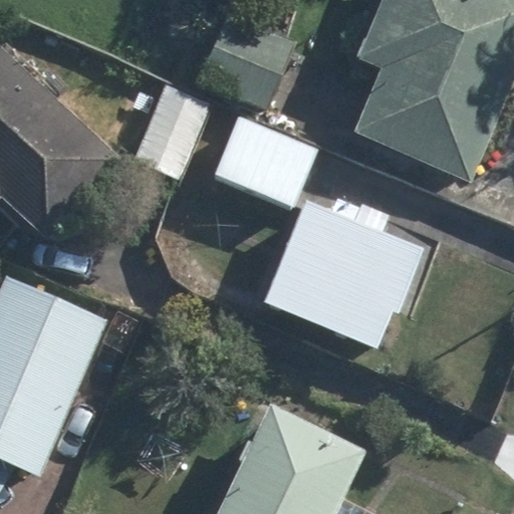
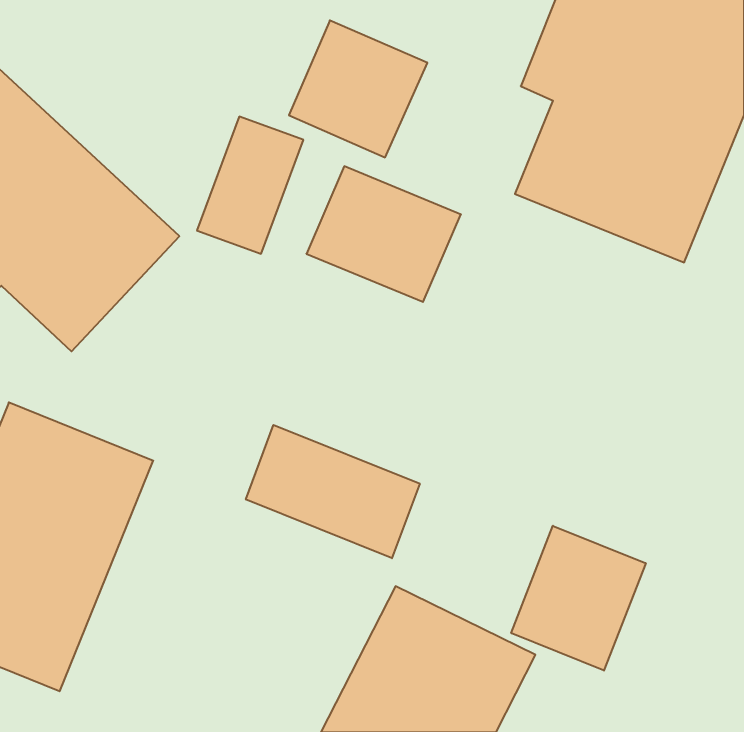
building: [263,201,423,351] -> none
building: none -> [246,425,420,558]
building: none -> [511,526,646,671]

